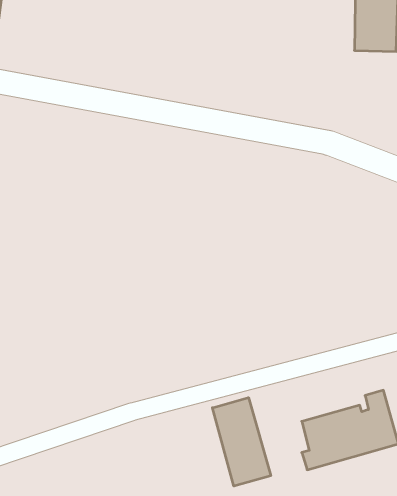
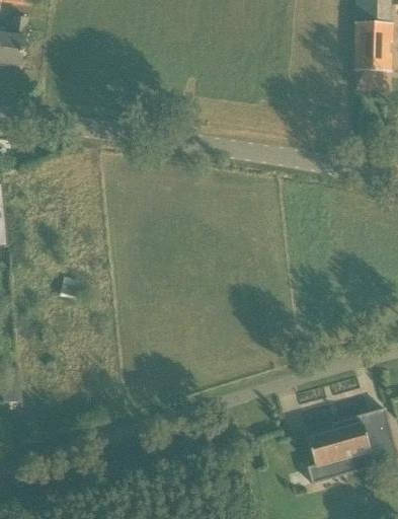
building: [212,398,271,486] -> none

